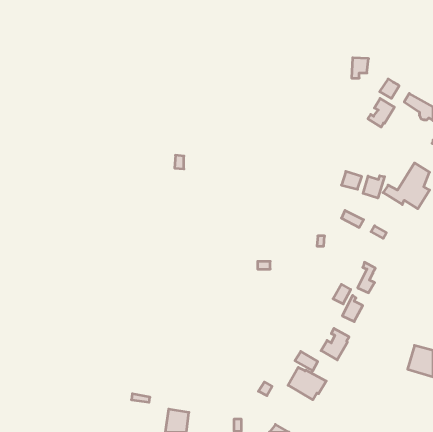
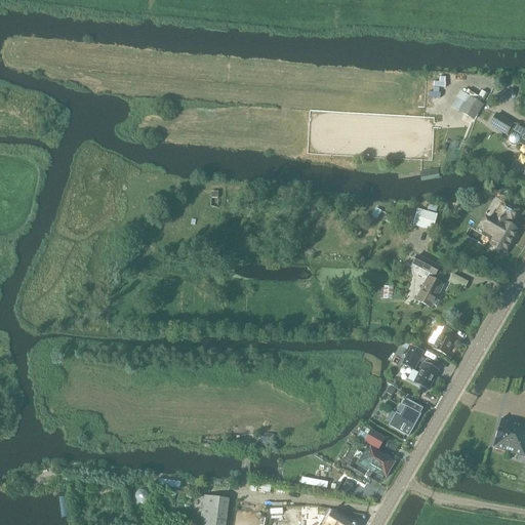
building: [368,98,394,127] -> none
building: [363,176,385,198] -> none
building: none -> [415,276,444,307]

